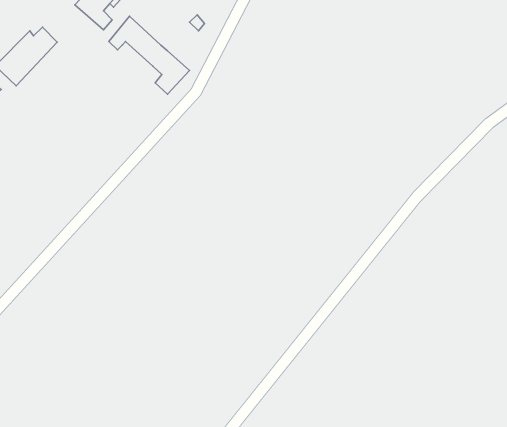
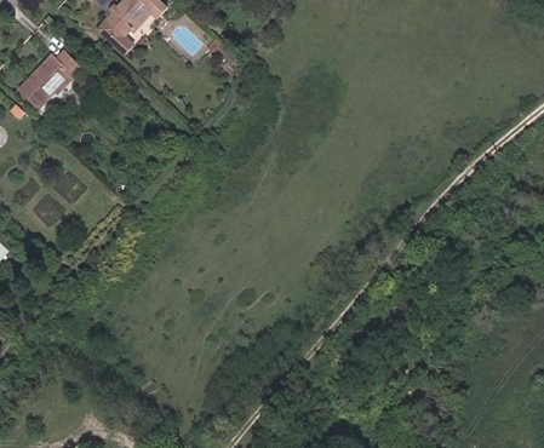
building: [109,16,190,94] -> none

